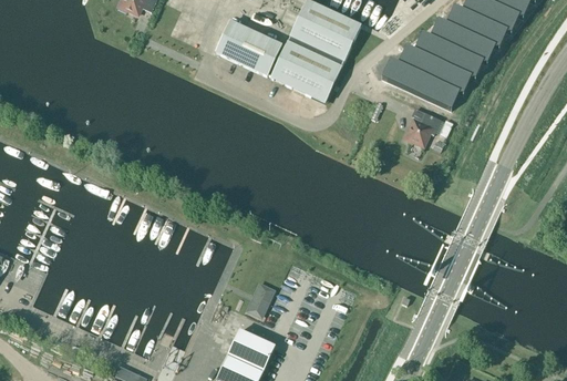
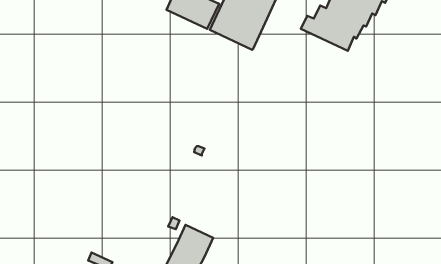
building: [403,110,441,143] -> none
building: [246,279,276,315] -> none

